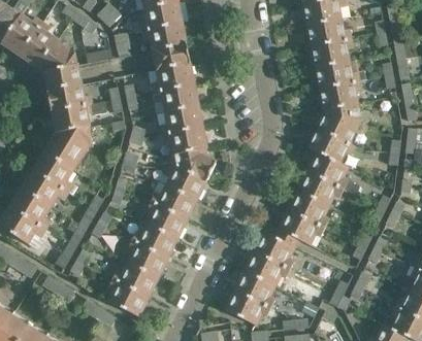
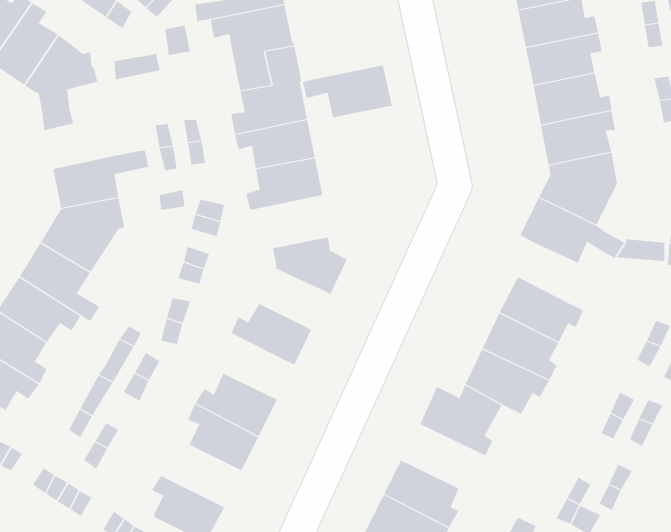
building: [45,65,92,112] -> none
building: [157,127,206,156] -> [302,65,393,118]
building: [307,152,357,195] -> none
building: [164,166,204,200] -> none
building: [147,202,186,238] -> none
building: [244,251,290,286] -> none
building: [112,263,157,297] -> none

